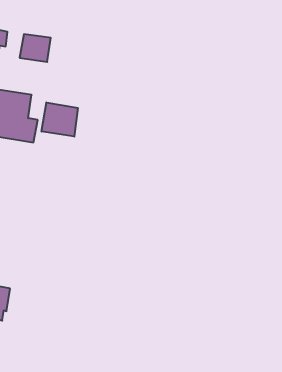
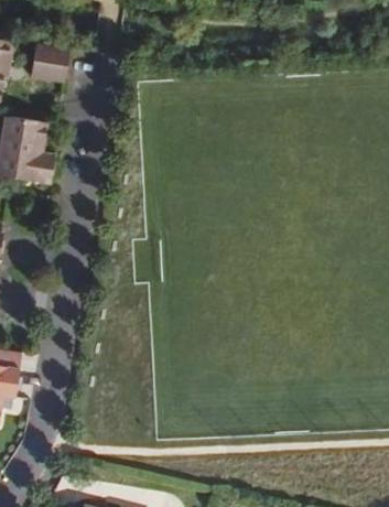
building: [42,102,78,137] -> none

